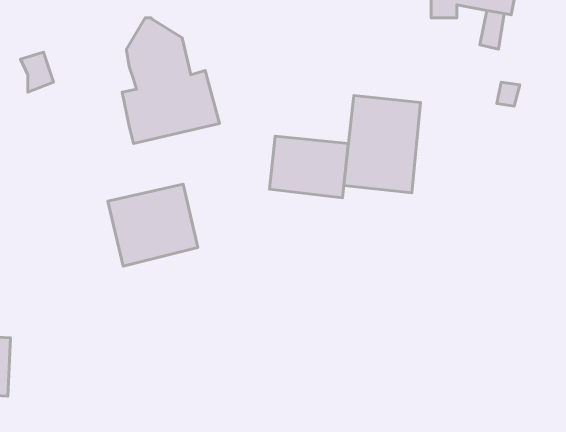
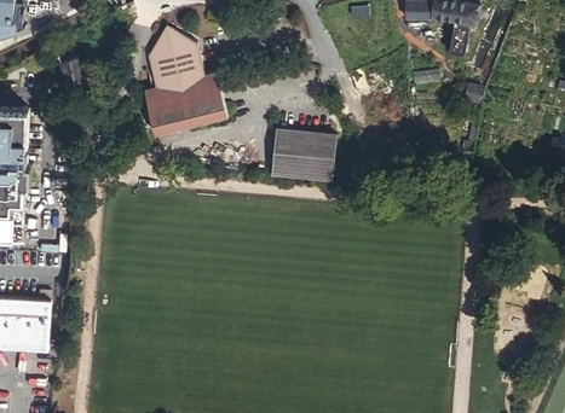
building: [344,96,420,193] -> none
building: [108,184,198,266] -> none

